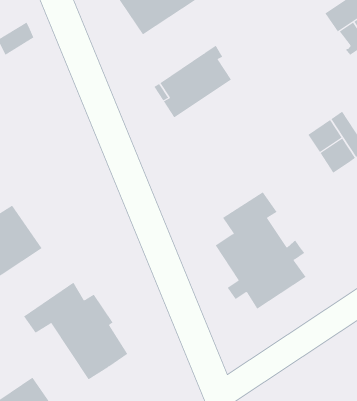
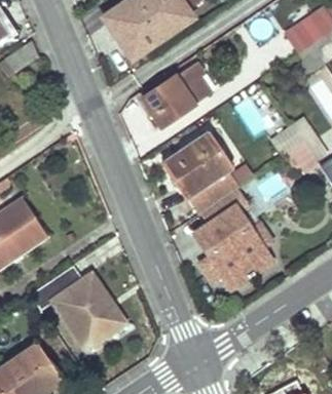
building: none -> [161,132,237,212]

